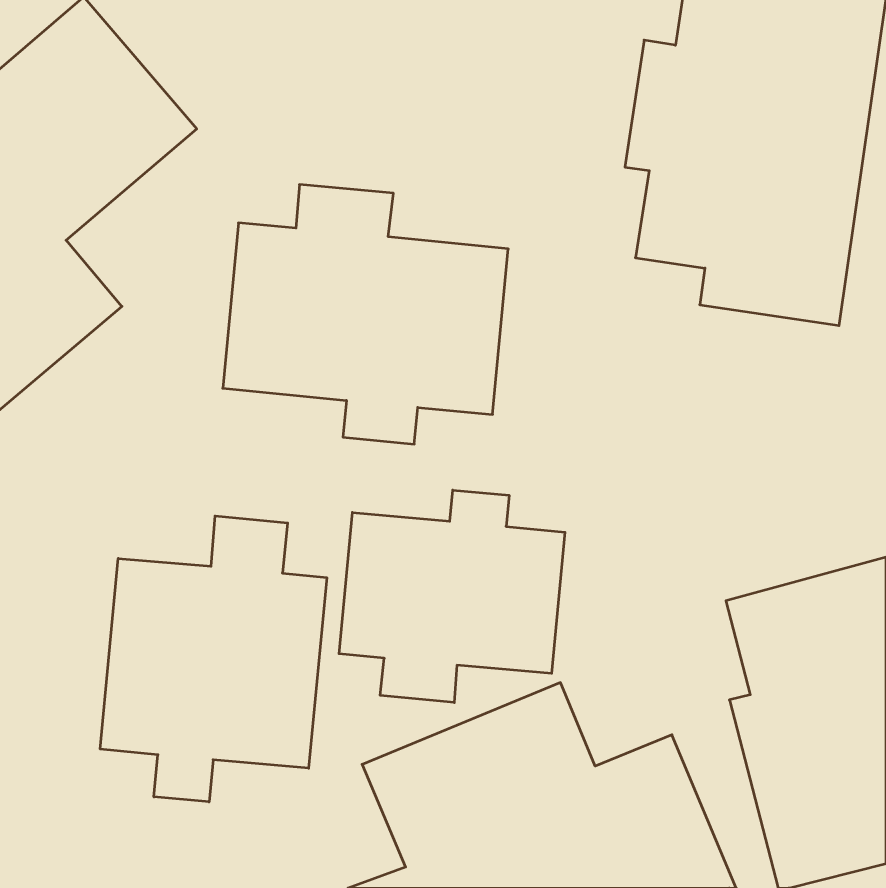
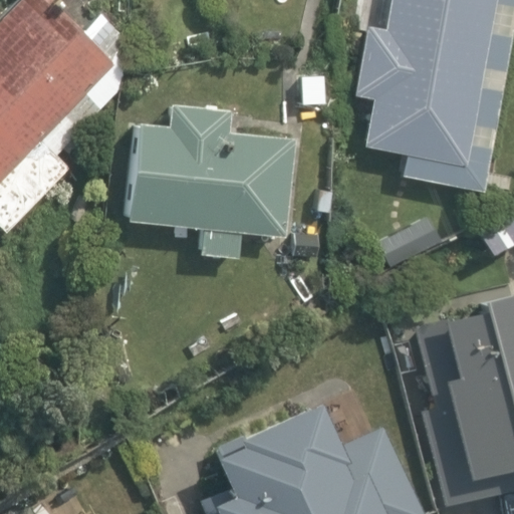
building: [339,490,565,703] -> none
building: [100,516,327,802] -> none

